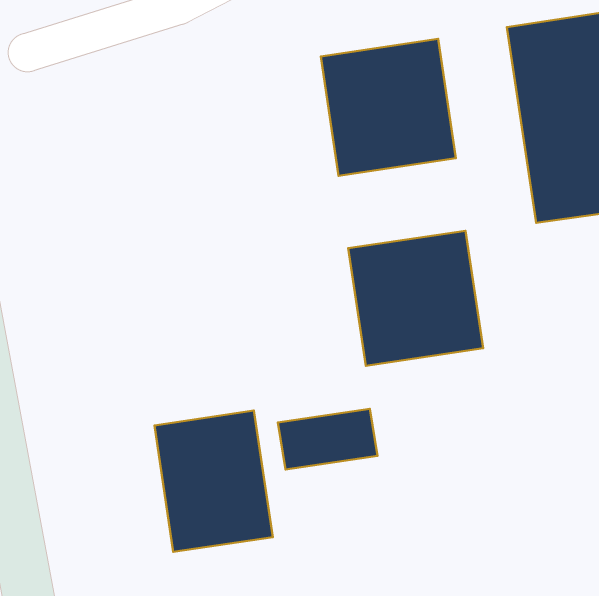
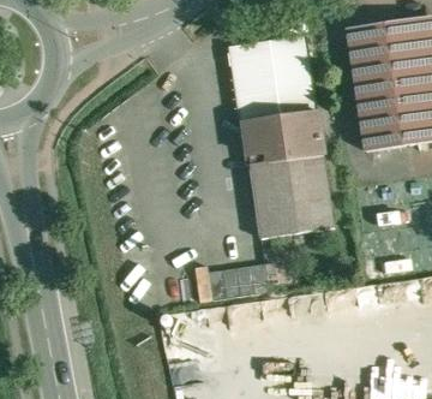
building: none -> [244,109,322,165]
building: [154,411,273,552] -> none

